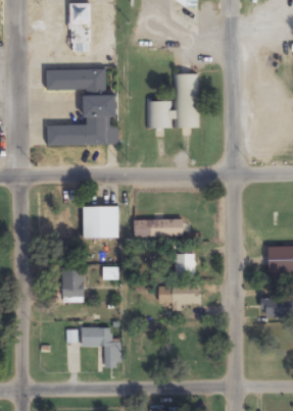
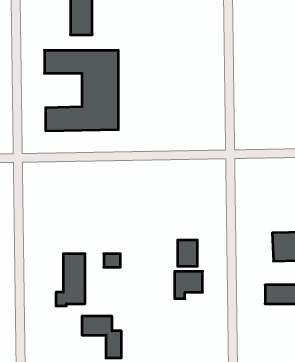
building: [147,73,198,129] -> none
building: [84,206,119,239] -> none
building: [134,219,185,237] -> none

